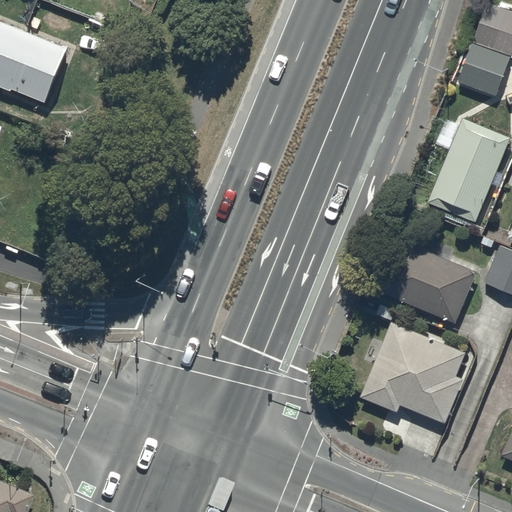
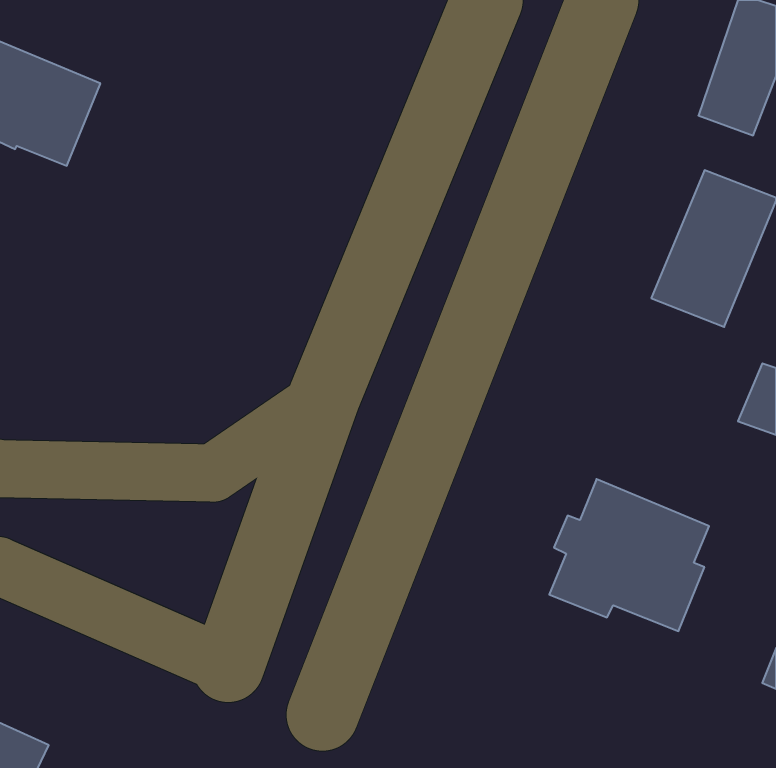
building: [376,237,476,322] -> none

